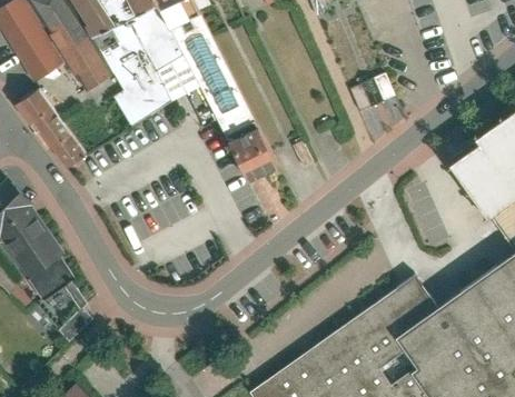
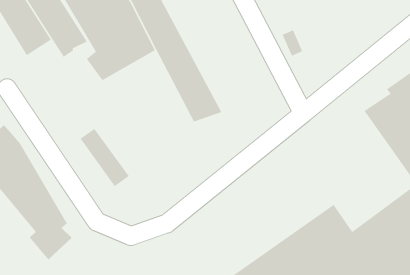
building: [22,92,85,166] -> [79,128,130,187]

